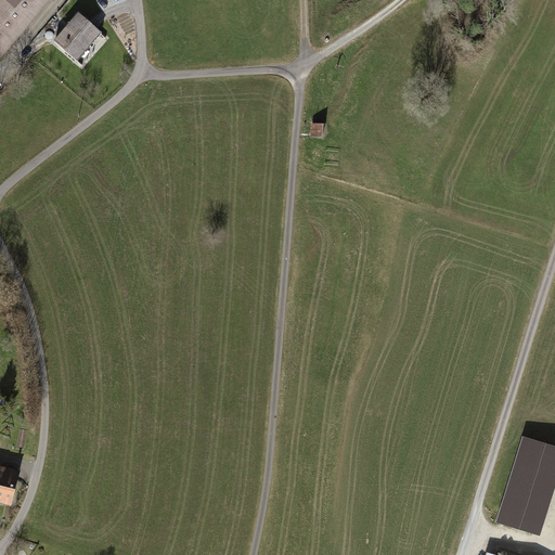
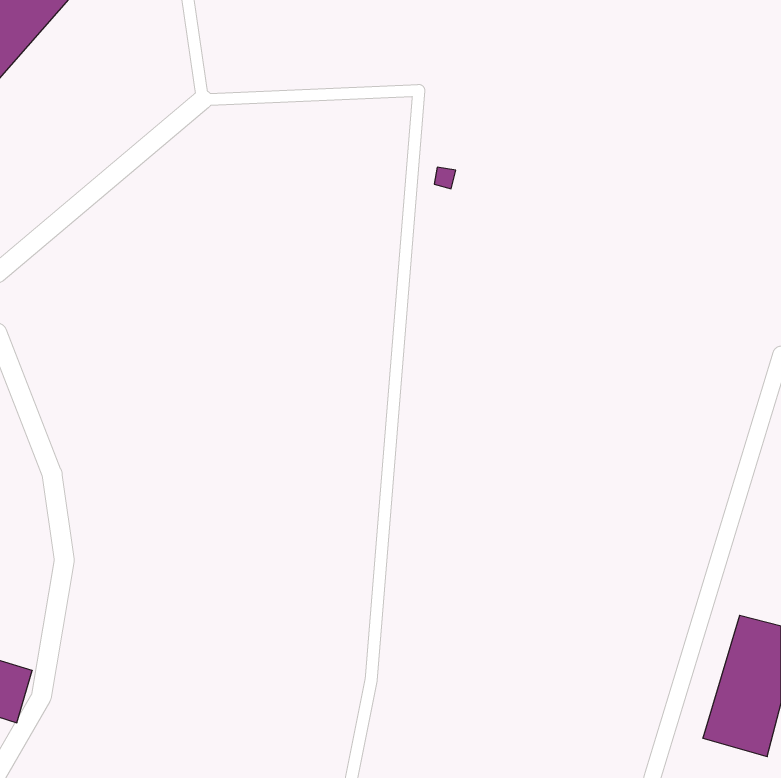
building: [55,13,102,61] -> none

